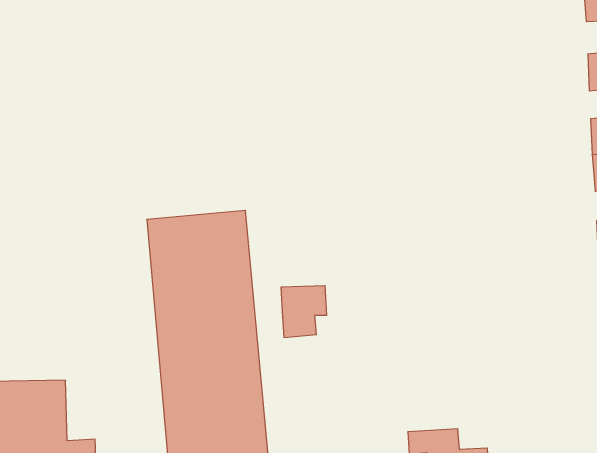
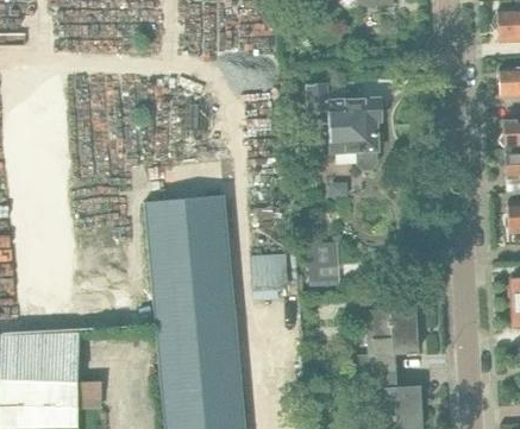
building: none -> [307,84,381,170]
building: none -> [308,242,340,282]
building: none -> [355,308,418,373]

